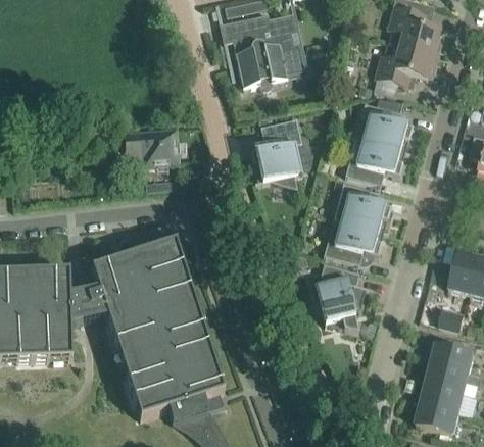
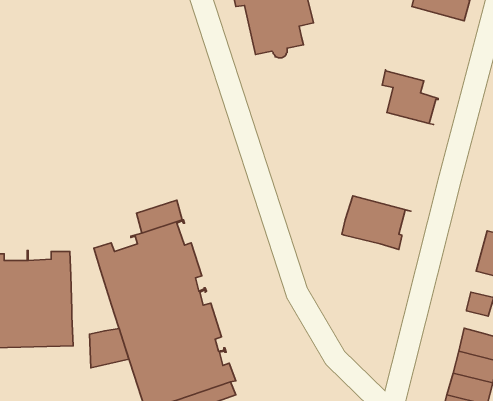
building: [373,41,437,85] -> none
building: [248,115,302,187] -> none
building: [123,131,176,164] -> none
building: [345,140,408,187] -> none
building: [333,182,391,232] -> none
building: [316,261,373,331] -> none
building: [69,287,106,324] -> [90,329,129,368]

